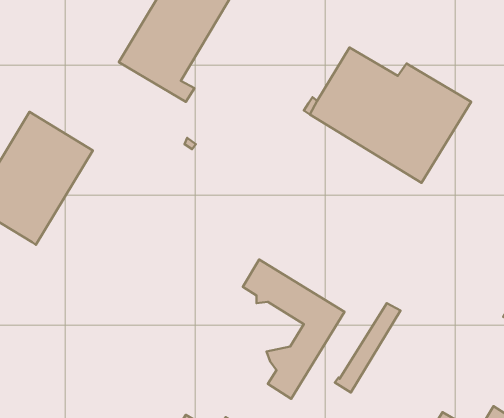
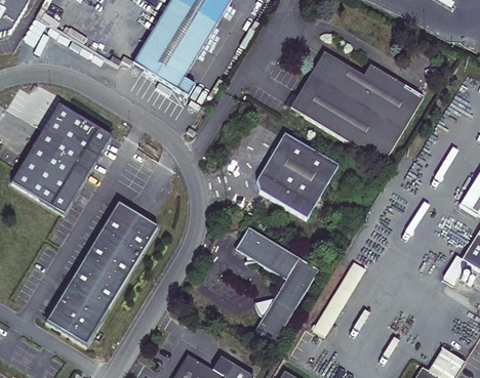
building: none -> [257,131,338,216]
building: none -> [47,201,158,342]

